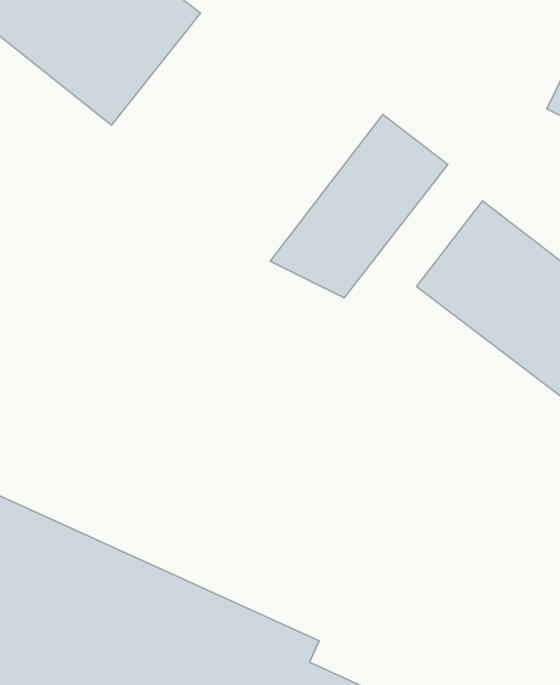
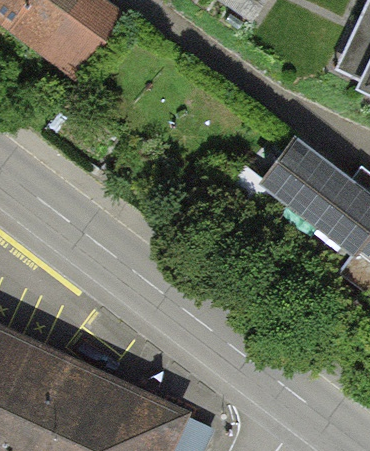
building: [270,115,448,298] -> none

